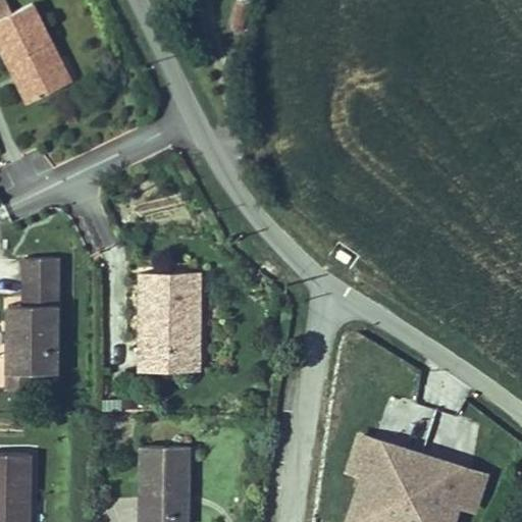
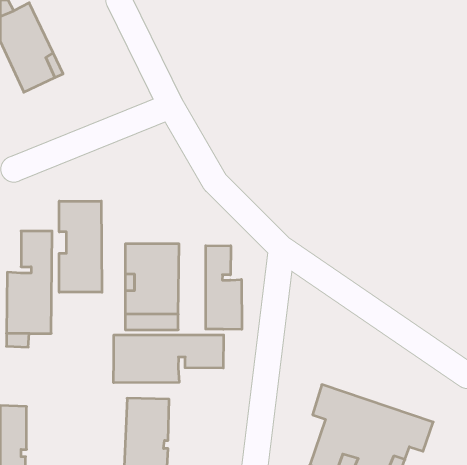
building: none -> [59,201,102,292]
building: none -> [206,246,242,329]
building: none -> [114,335,224,383]

